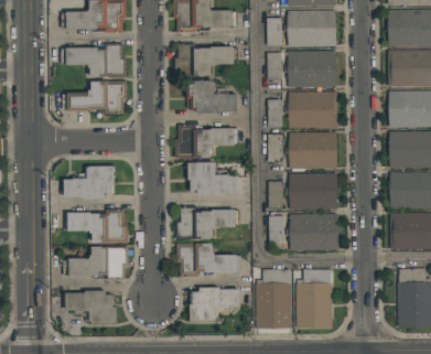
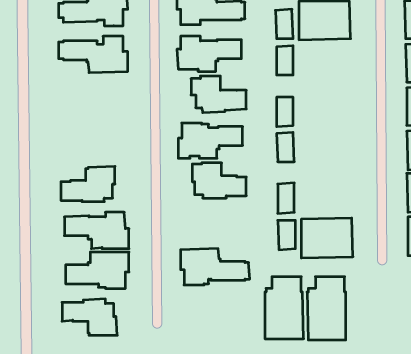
building: [288,51,336,87] -> none
building: [62,81,127,114] -> none
building: [289,92,337,128] -> none
building: [289,132,337,169] -> none
building: [289,173,337,210] -> none
building: [175,205,238,239] -> none
building: [190,287,240,321] -> none

